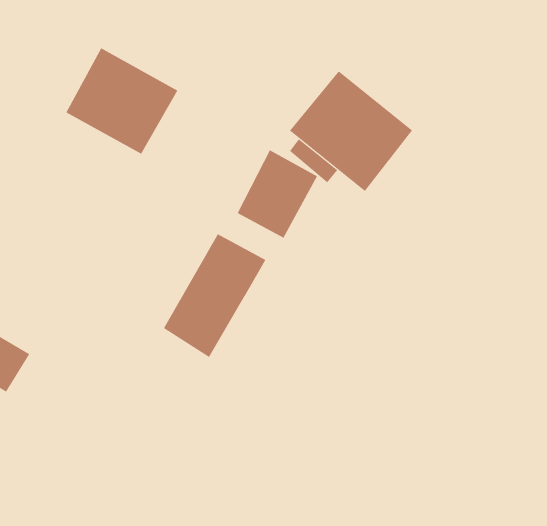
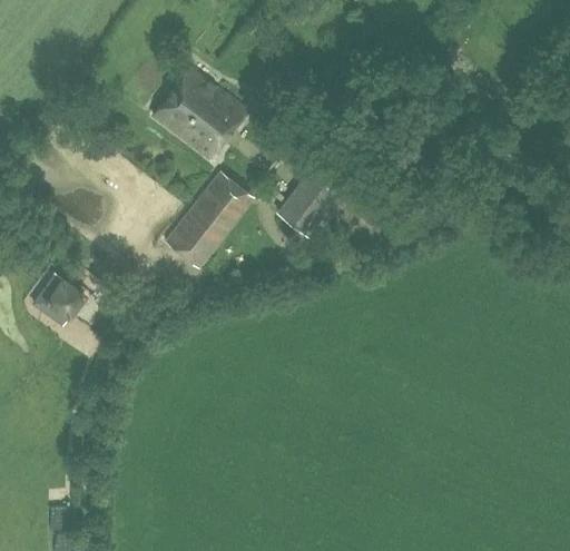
building: [289,70,413,192] -> none
building: [163,234,266,358] -> [163,171,253,269]

